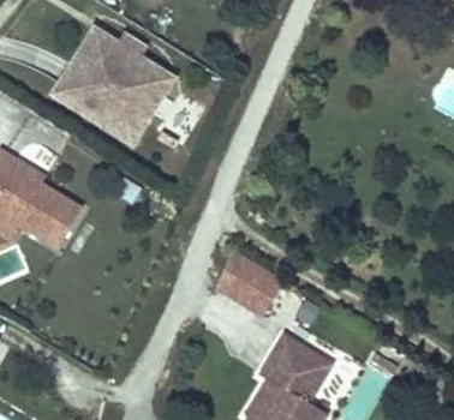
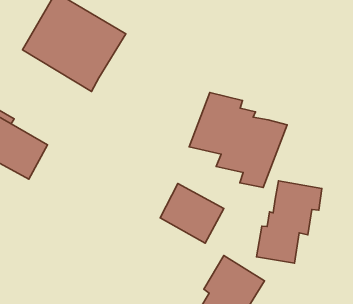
building: none -> [189,92,287,187]
building: none -> [256,181,322,263]

